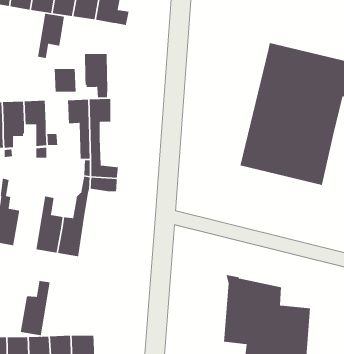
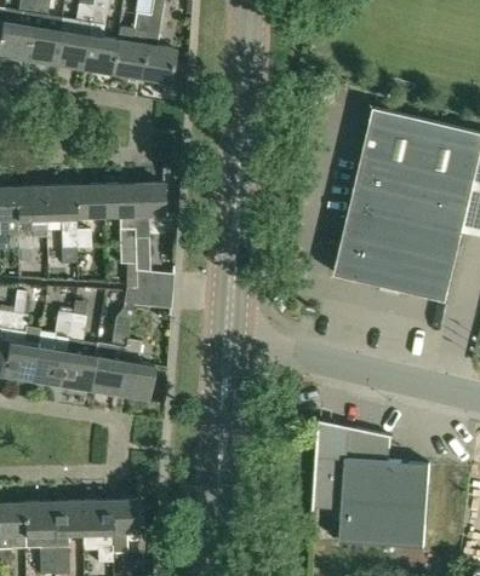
building: [37,13,65,59] -> none
building: [84,53,108,98] -> none
building: [54,68,76,93] -> [74,185,104,218]
building: none -> [119,339,153,401]
building: [20,280,50,336] -> [32,311,73,386]

